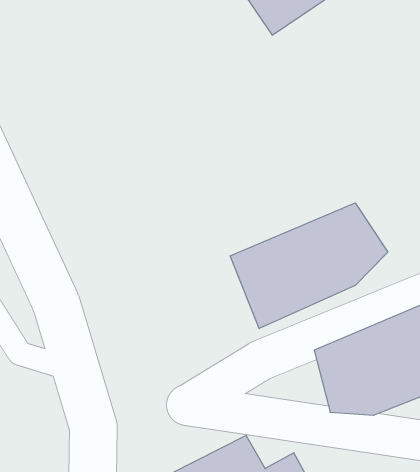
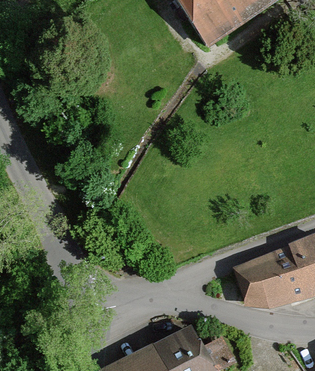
building: [230,203,388,329] -> none

